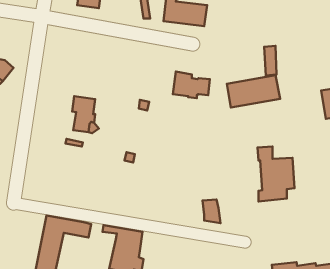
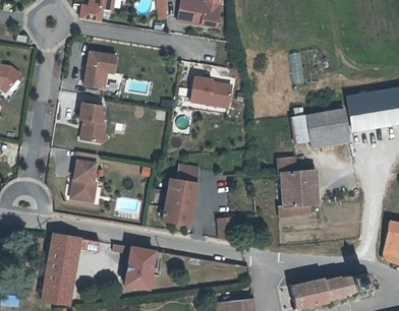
building: none -> [87,56,117,90]
building: [227,75,280,108] -> [293,110,350,144]
building: none -> [77,162,100,203]
building: none -> [166,163,203,224]

